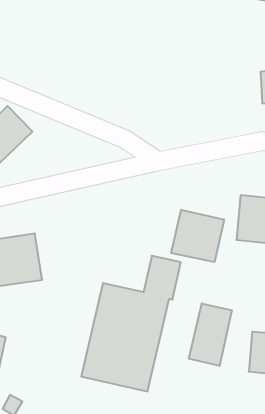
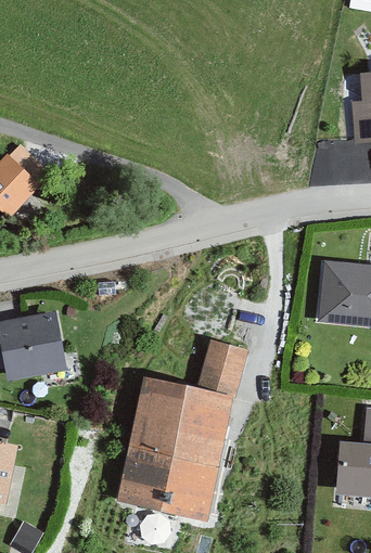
building: [171,210,224,262] -> none
building: [189,303,232,366] -> none

